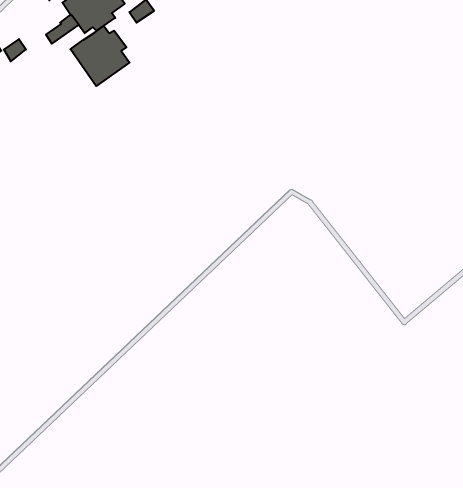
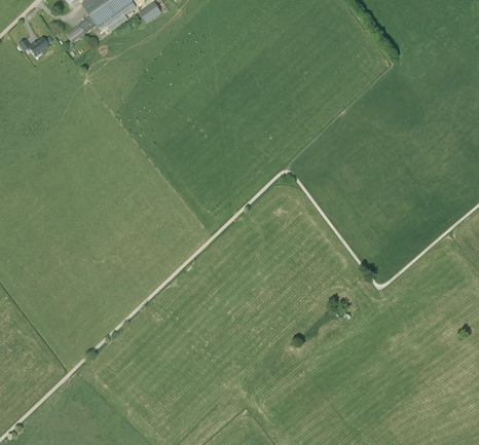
building: [70,26,130,86] -> none

